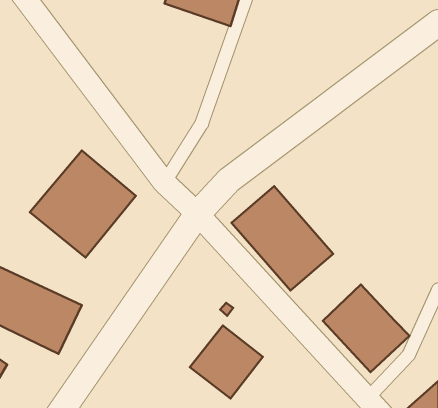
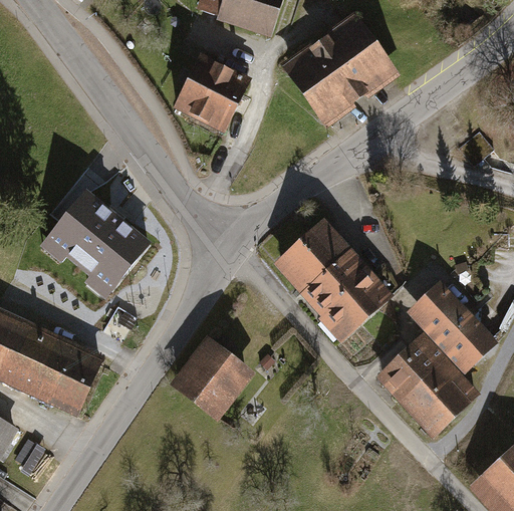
building: none -> [283,13,398,123]
building: none -> [176,57,248,133]
building: none -> [405,281,496,374]
building: [190,325,263,398] -> [167,335,251,420]

